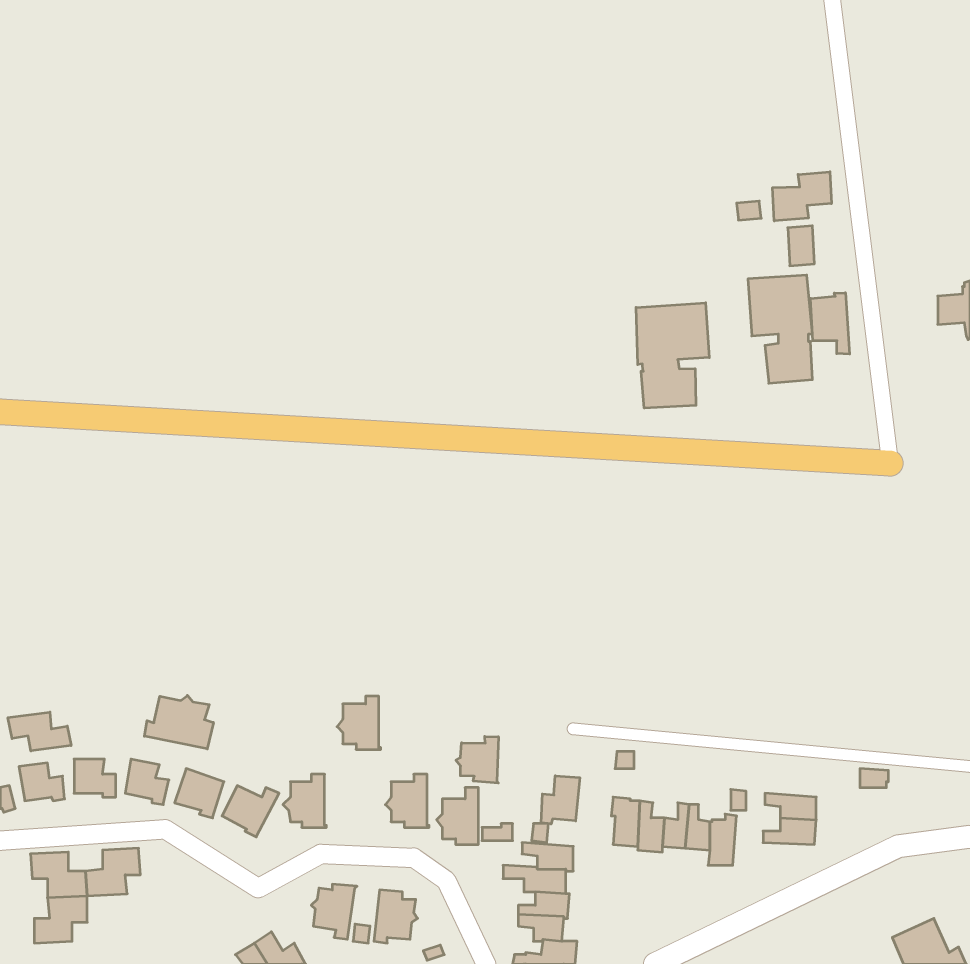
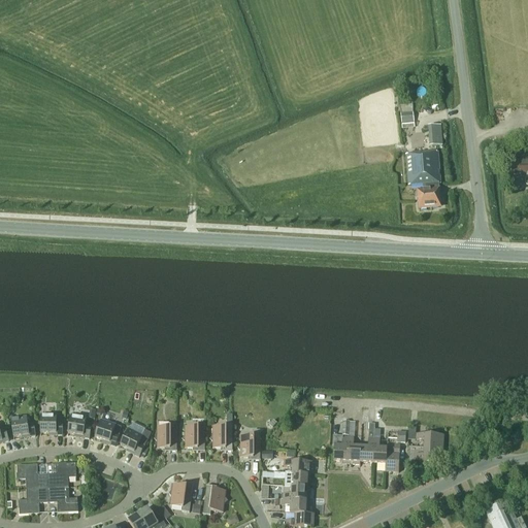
building: [773,172,831,221] -> none
building: [811,293,850,354] -> none
building: [636,303,709,408] -> none
building: [144,695,213,749] -> none
building: [337,696,381,749] -> [182,421,205,450]
building: [8,712,71,751] -> none
building: [456,736,498,783] -> none
building: [541,776,580,824] -> none
building: none -> [47,486,77,512]

